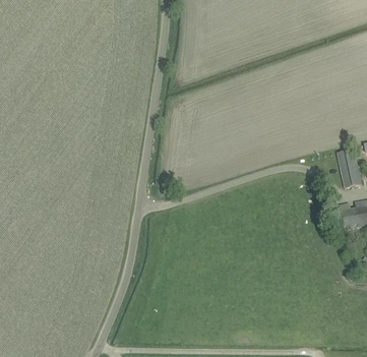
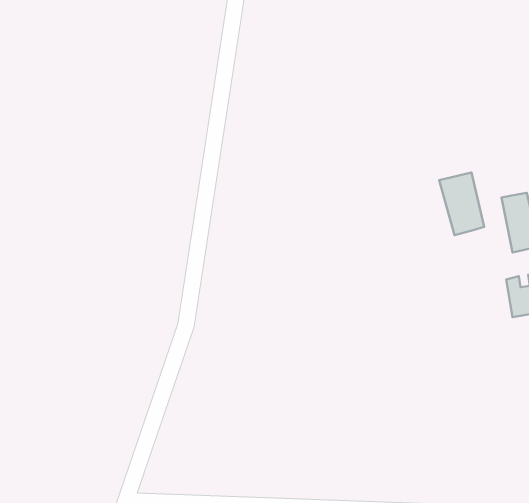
building: none -> [439,173,484,235]

